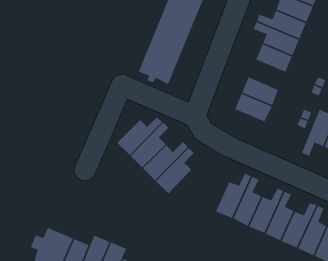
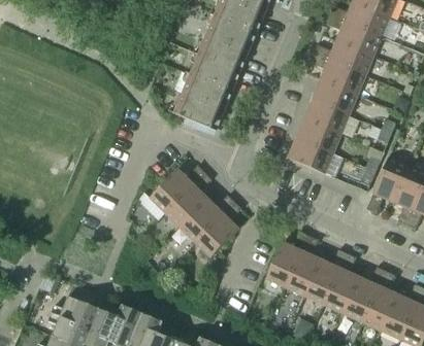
building: none -> [304,99,349,134]

